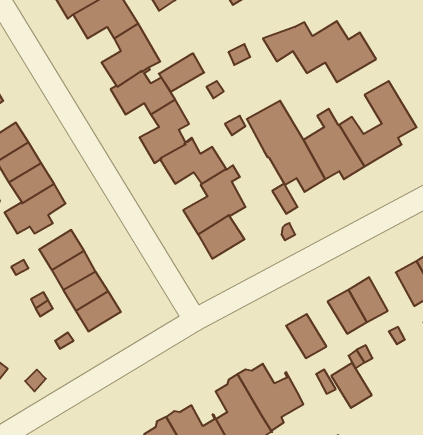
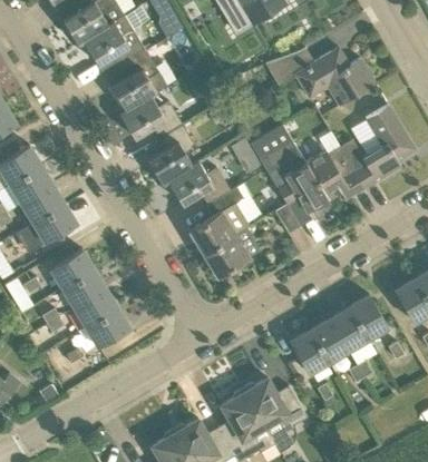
building: [159,53,204,92] -> none
building: [331,363,372,408] -> [309,317,348,361]

